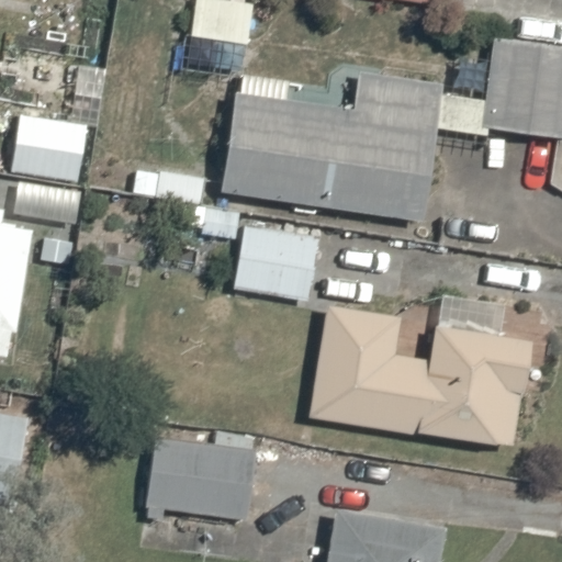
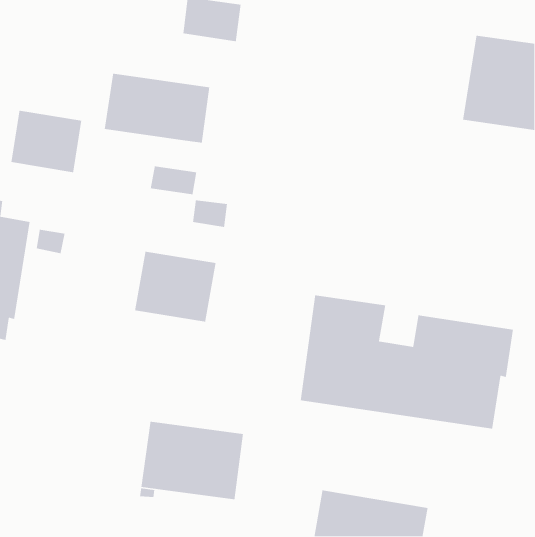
building: [222,71,443,221] -> none
building: none -> [104,73,210,144]
building: [233,225,318,300] -> [134,251,217,323]

